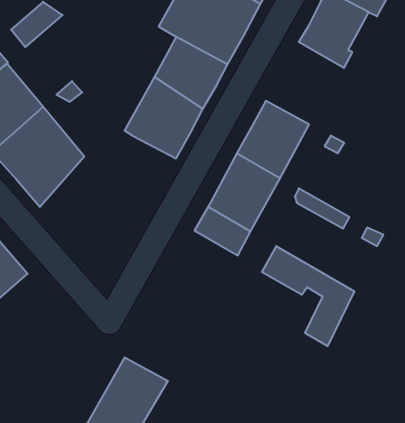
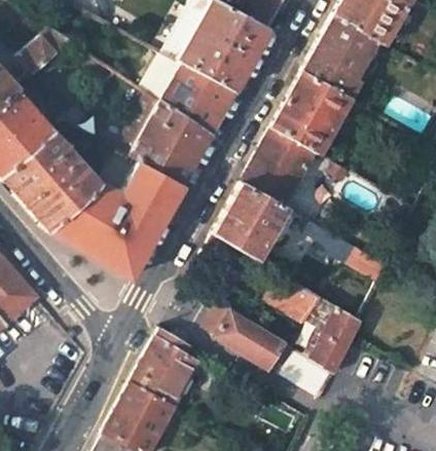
building: none -> [142,50,183,103]
building: none -> [272,68,351,152]
building: none -> [47,161,183,280]
building: none -> [206,302,334,392]
building: none -> [132,328,201,406]

